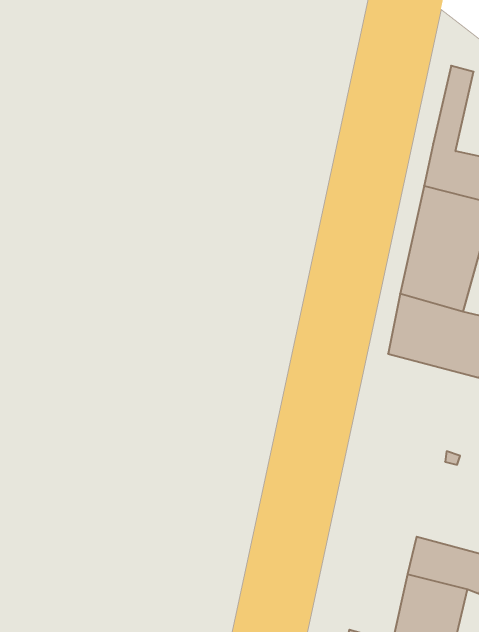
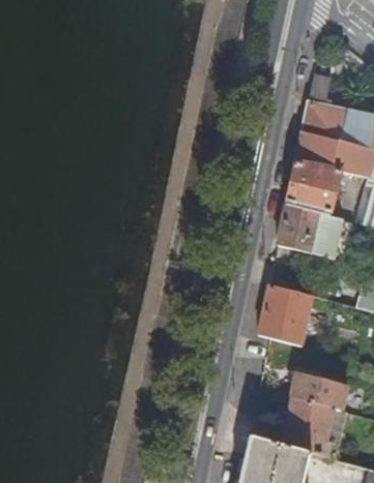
building: none -> [258,284,313,346]

